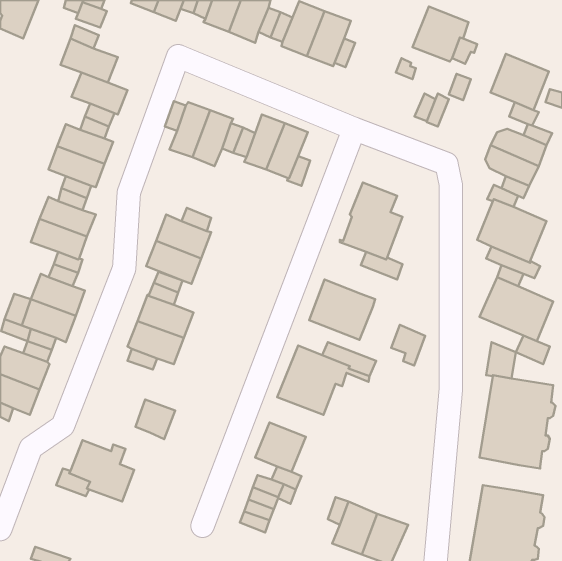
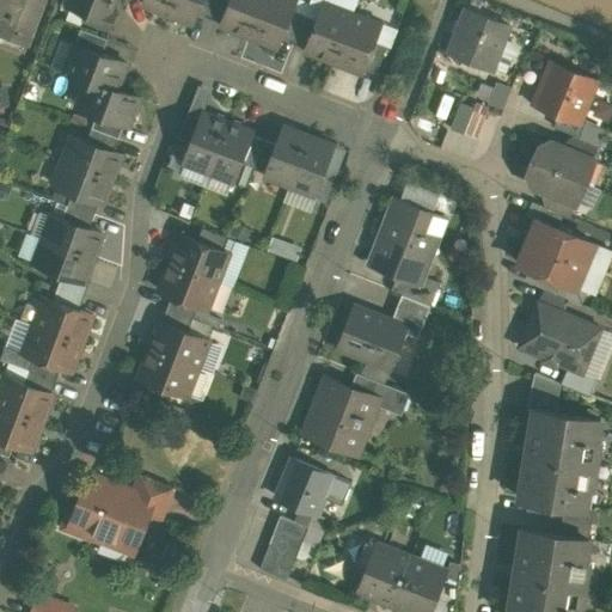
building: [391,325,425,365] -> [392,295,429,339]
building: [135,399,175,439] -> [130,476,173,519]
building: none -> [562,507,595,539]

